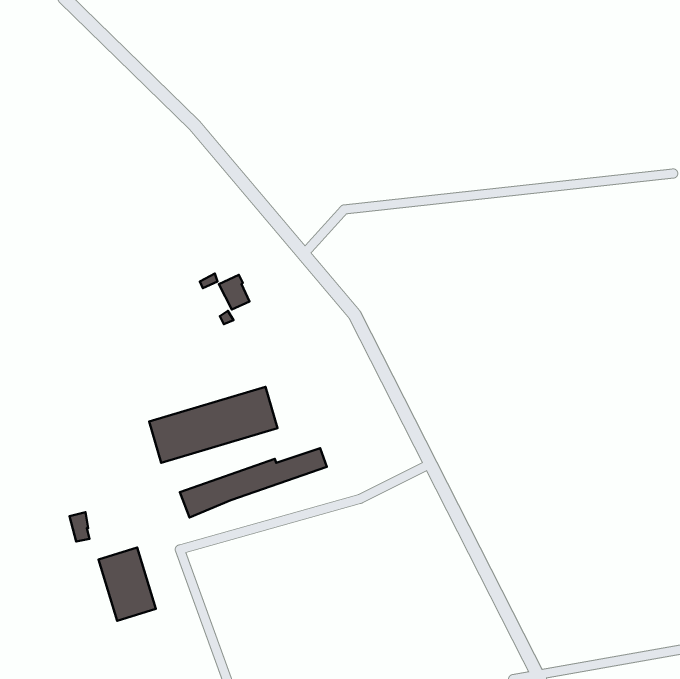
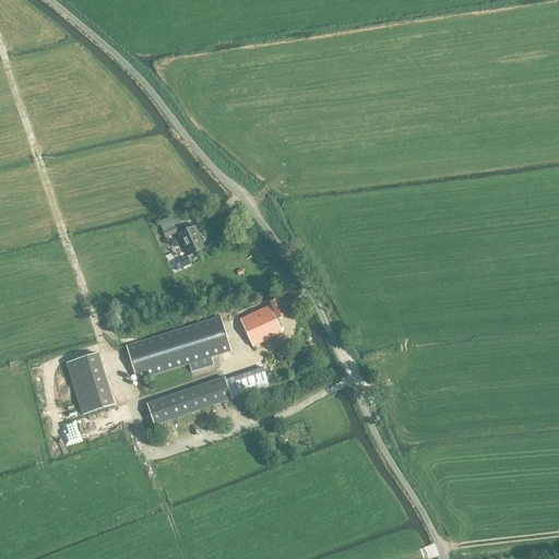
building: none -> [237,298,287,347]
building: [99,548,156,621] -> [67,352,114,412]

